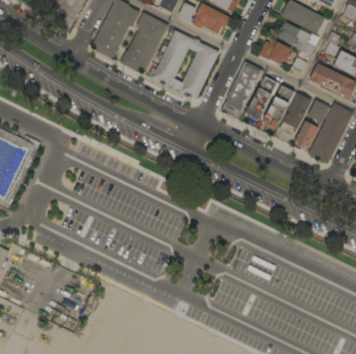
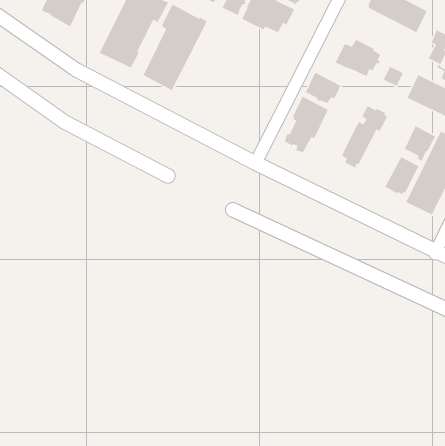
building: [278,21,320,55] -> none
building: [150,30,219,99] -> none
building: [246,75,280,120] -> none
building: [280,93,312,138] -> none

